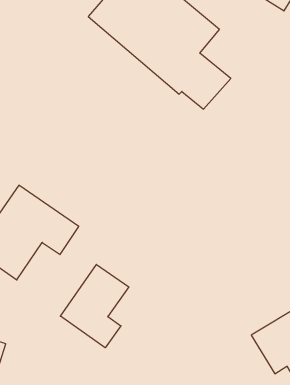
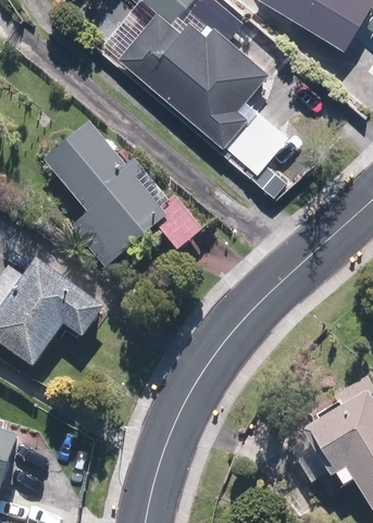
building: none -> [42,119,199,265]
building: [60,264,129,348] -> none

